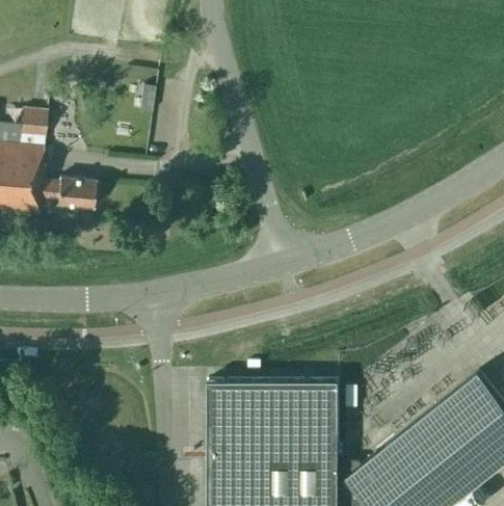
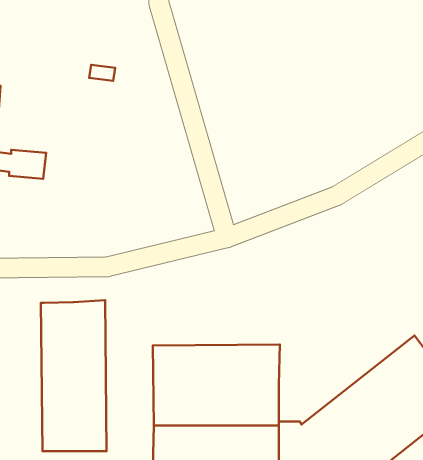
building: none -> [41,300,106,451]

